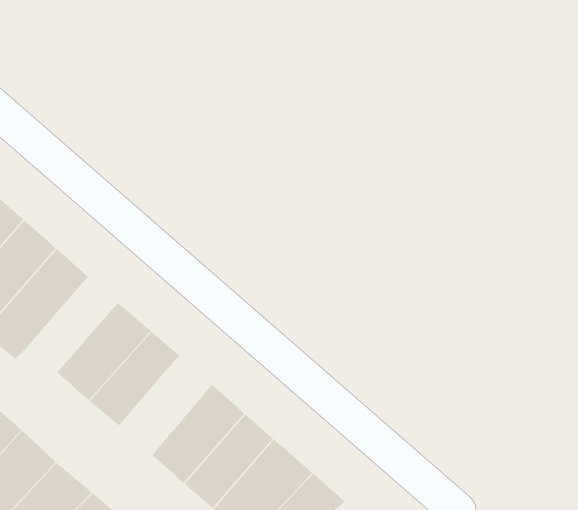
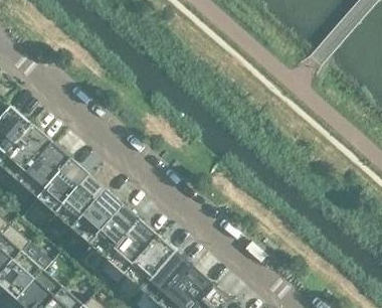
building: none -> [53,174,104,227]
building: none -> [105,218,157,274]

